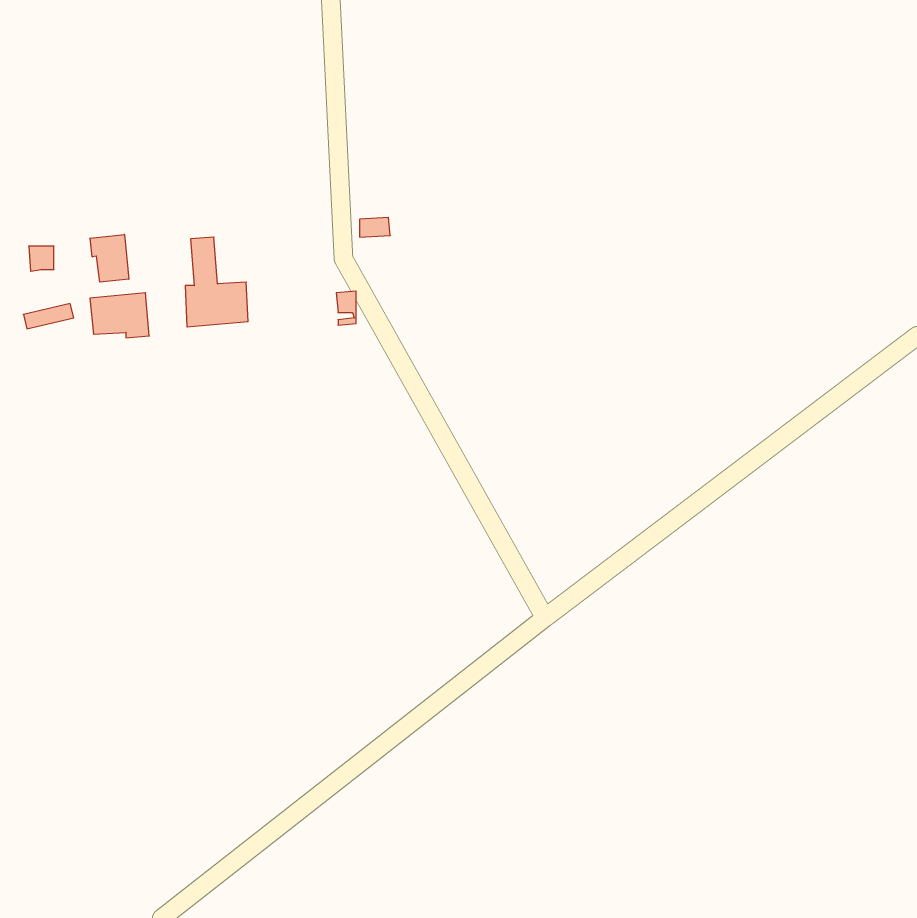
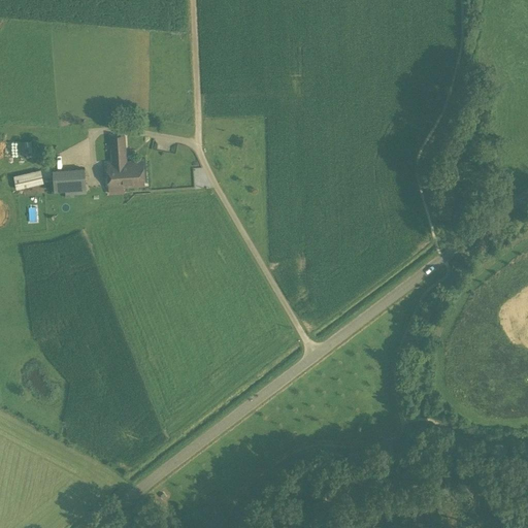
building: [90,234,129,282] -> none

